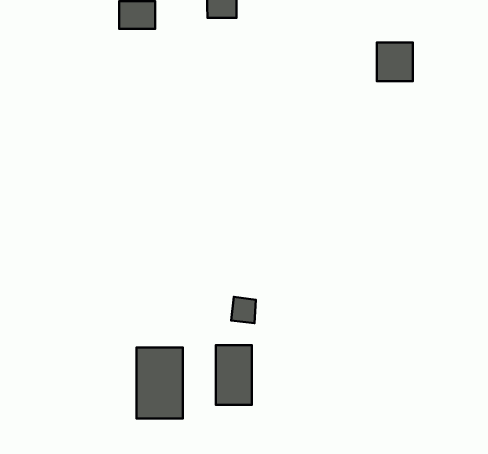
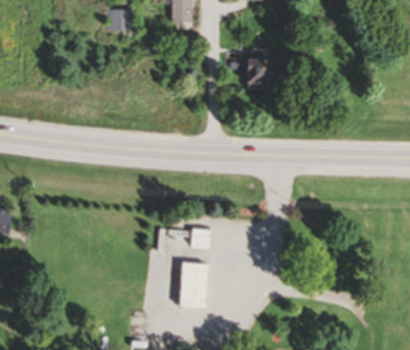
building: [377,42,413,81] -> [243,59,269,88]
building: [136,348,183,419] -> none

